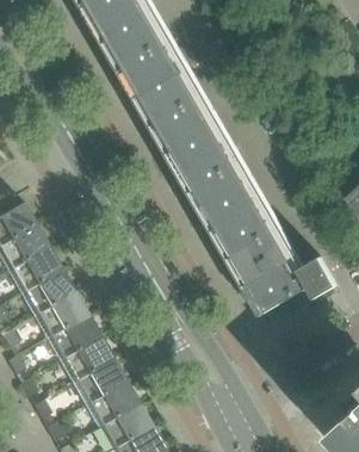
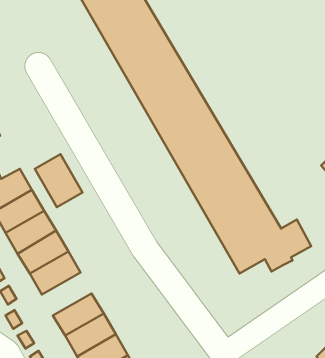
building: none -> [35,154,82,207]
building: [47,314,100,360] -> none

